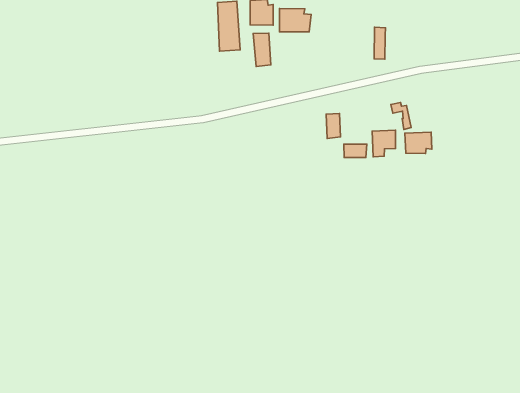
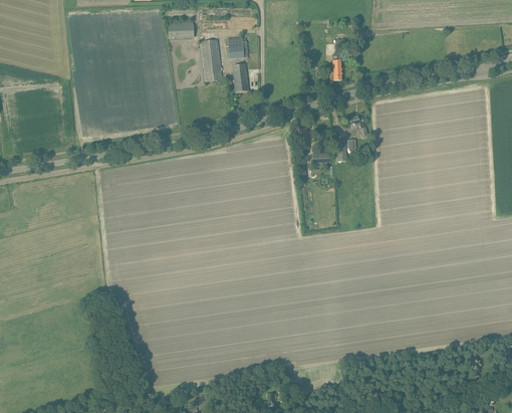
building: [279,9,311,32] -> none
building: [405,132,432,154] -> none

